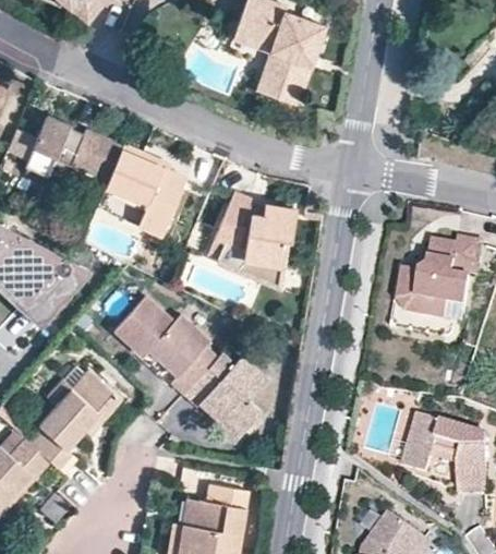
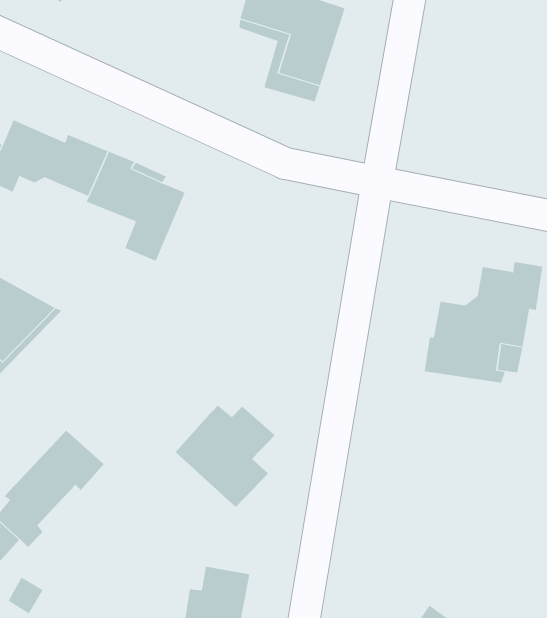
building: [218,189,294,267] -> none
building: [111,293,213,390] -> none
building: [397,410,480,490] -> none

